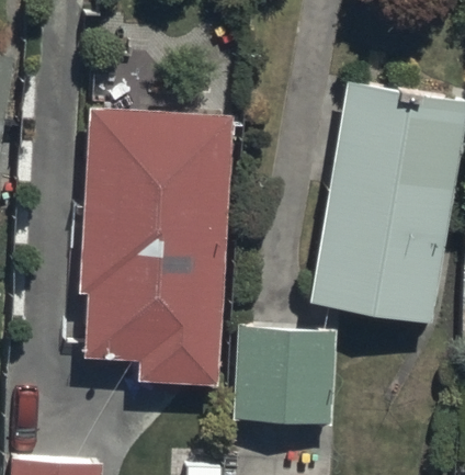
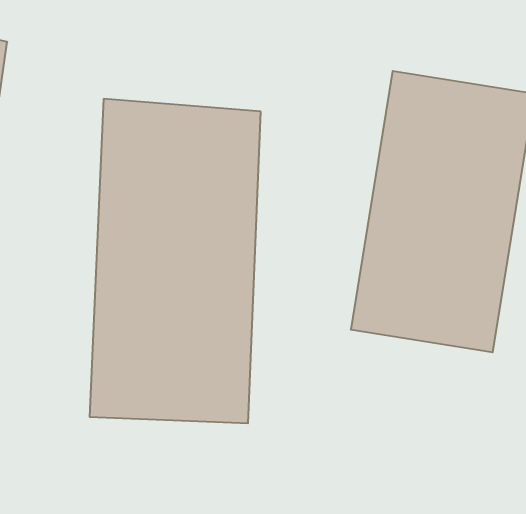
building: [234,328,338,433] -> none

